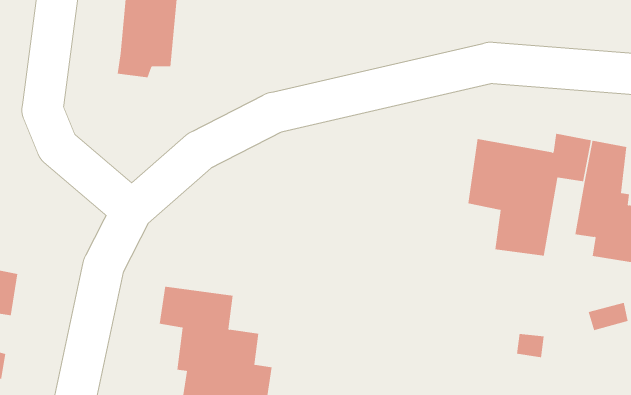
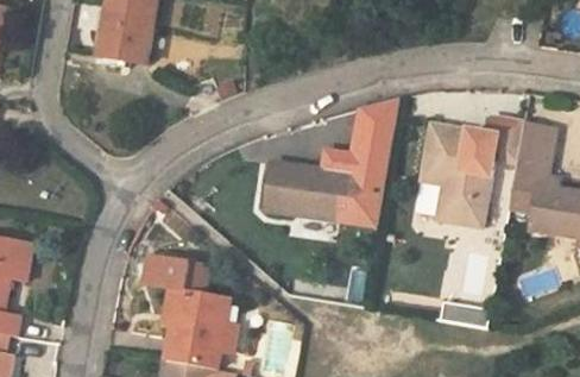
building: none -> [266,107,403,222]

